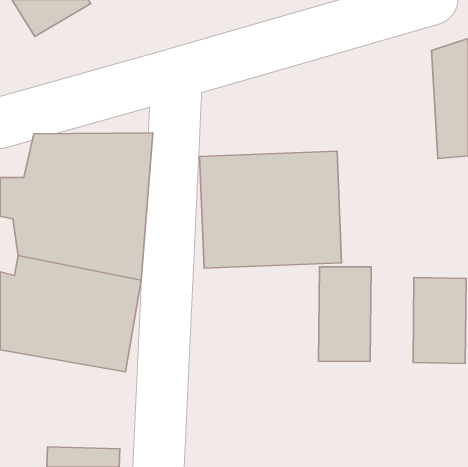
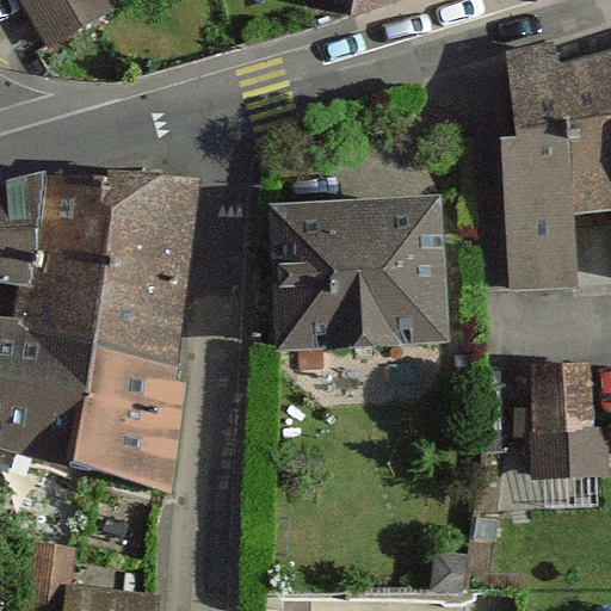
building: none -> [501,66,574,290]
building: [319,267,371,361] -> none

